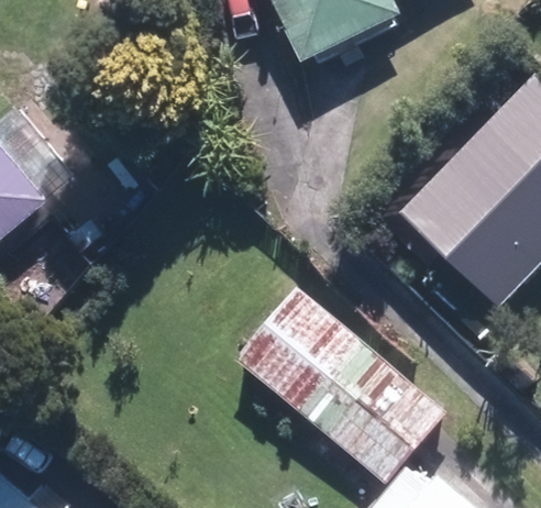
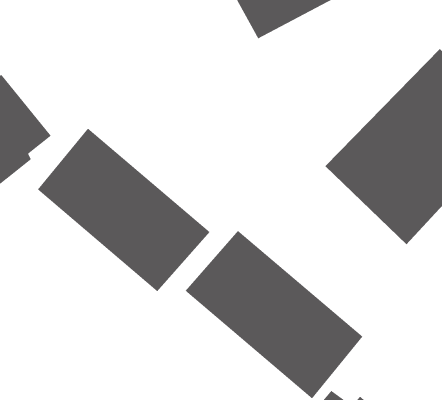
building: none -> [37,127,211,292]

